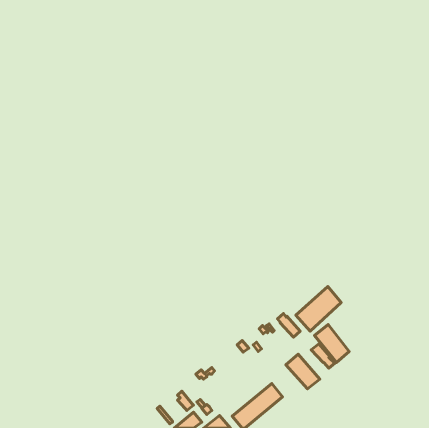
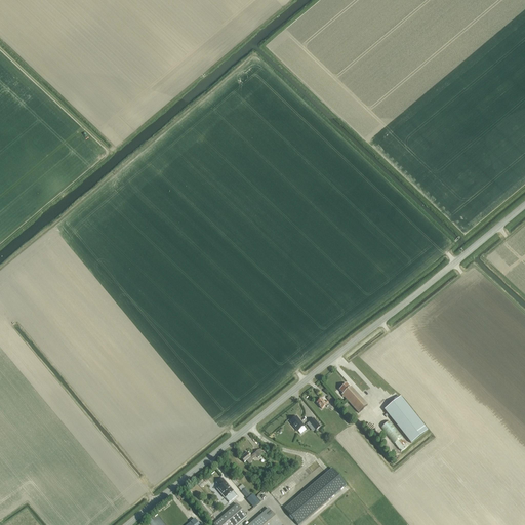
building: [296,286,341,331] -> none
building: [286,354,320,389] -> none

